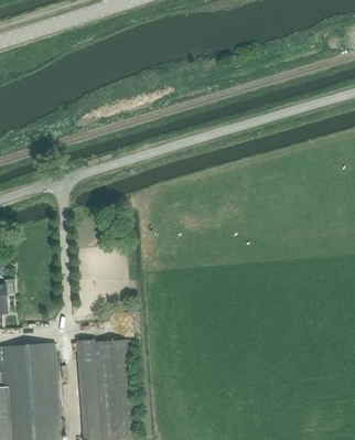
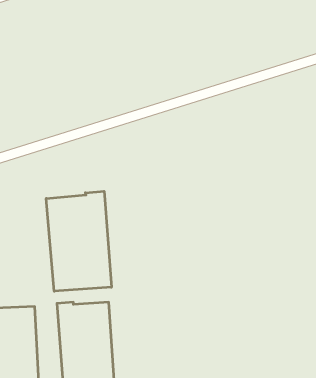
building: none -> [46,191,111,291]

